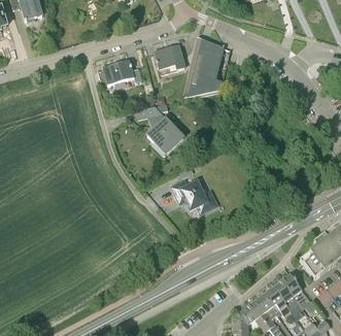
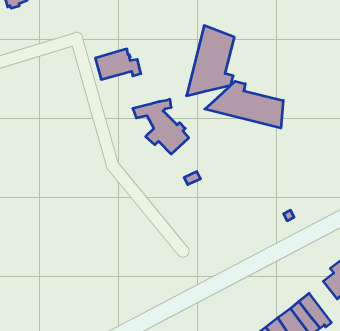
building: [155,44,185,73] -> none
building: none -> [205,81,283,128]
building: [172,180,217,212] -> none

